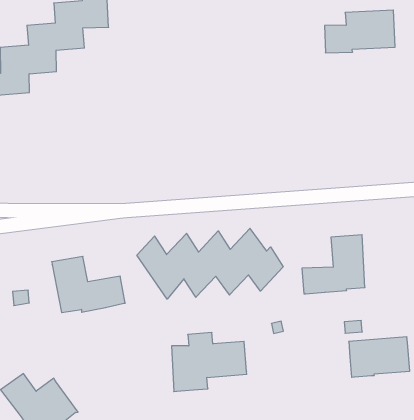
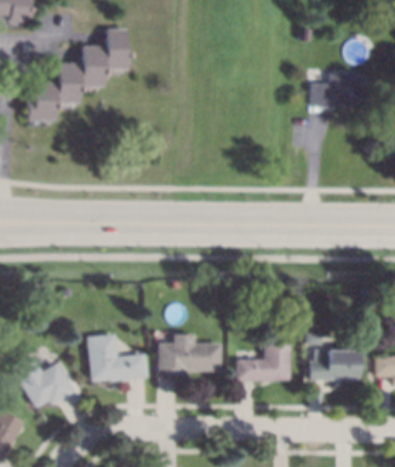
building: [137,228,283,299] -> none
building: [302,235,365,294] -> [237,335,291,381]
building: [52,256,125,313] -> [87,335,147,382]

